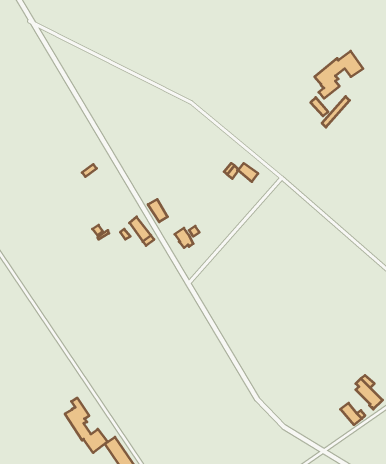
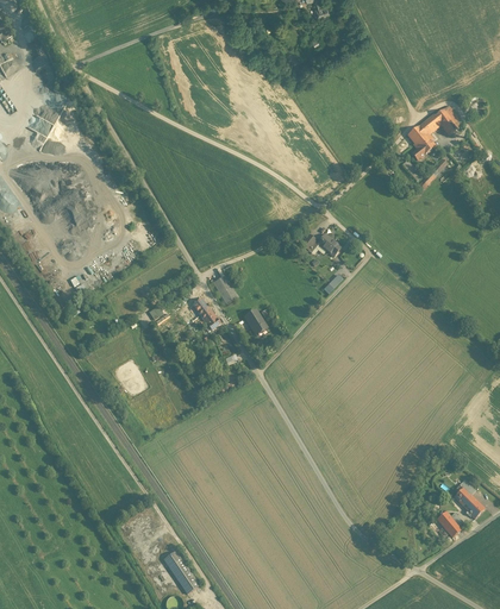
building: [65,398,108,453] -> none

